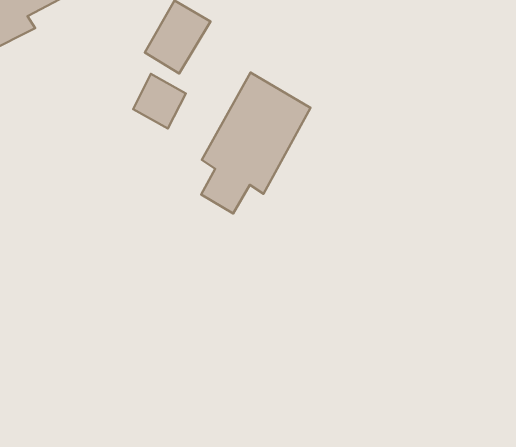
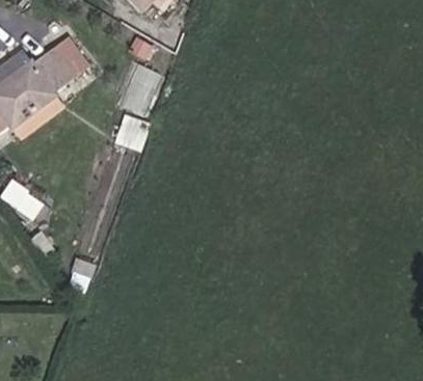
building: [201,73,311,214] -> none

